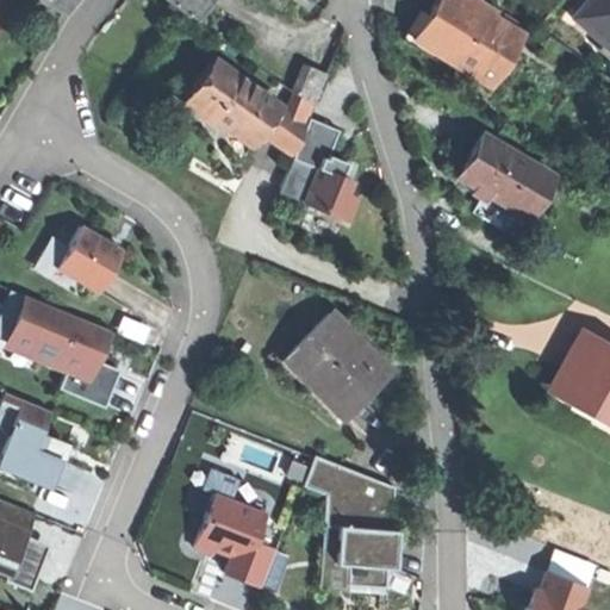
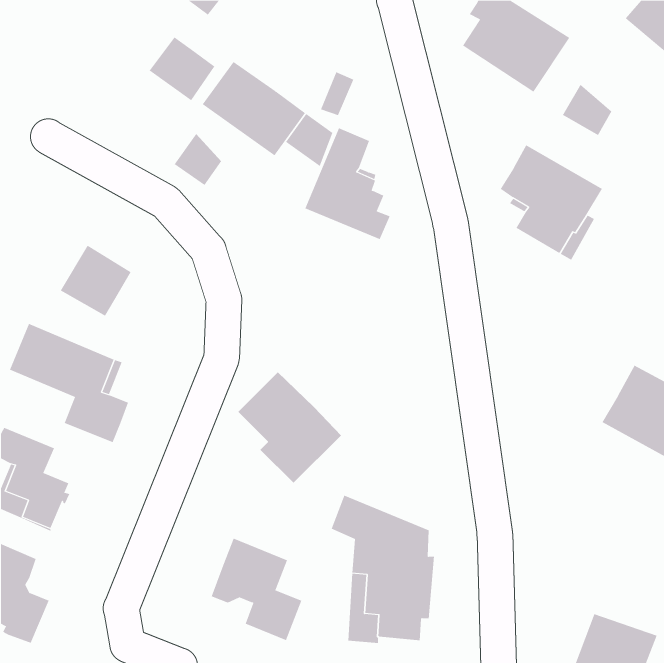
building: none -> [149,37,215,101]
building: none -> [562,84,612,136]
building: none -> [174,133,222,186]
building: [294,313,390,416] -> [238,372,342,484]

